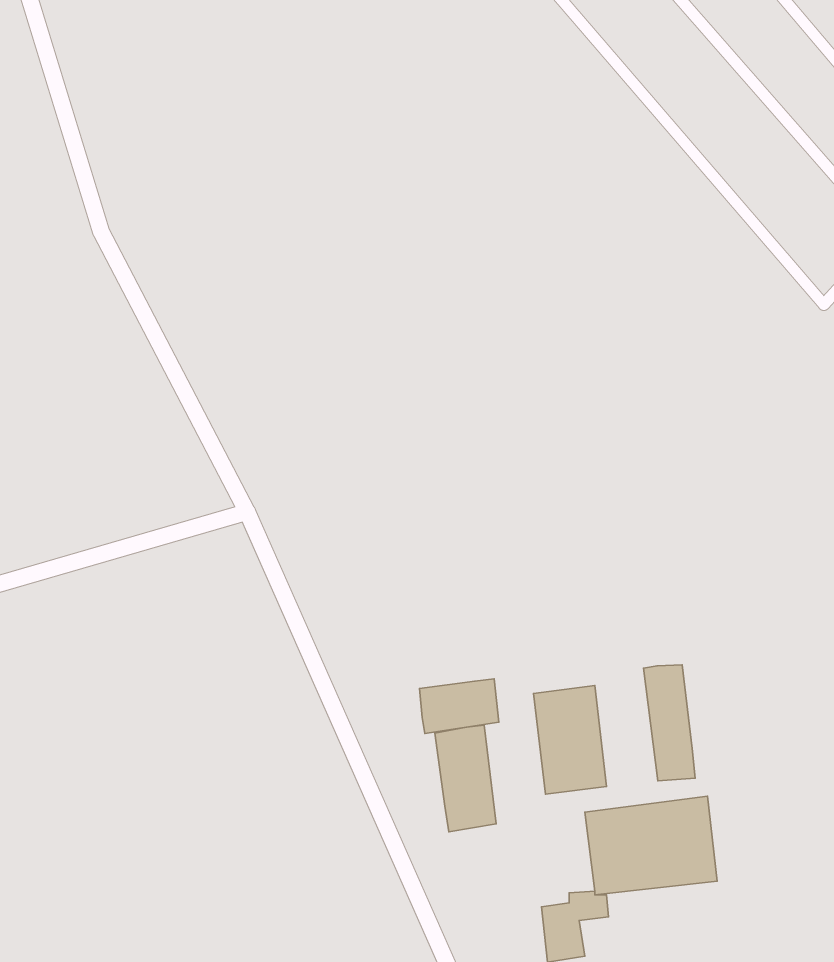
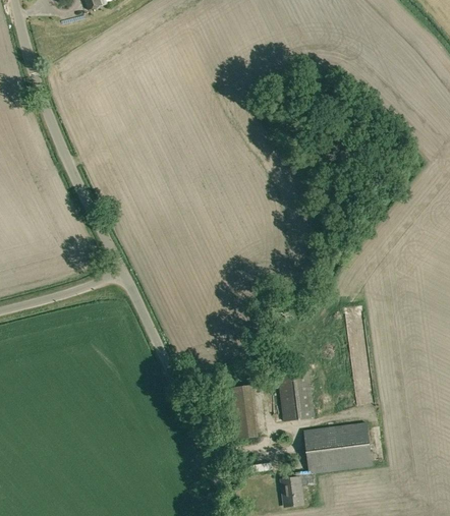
building: [643,665,695,781] -> none
building: [420,679,499,734] -> none

